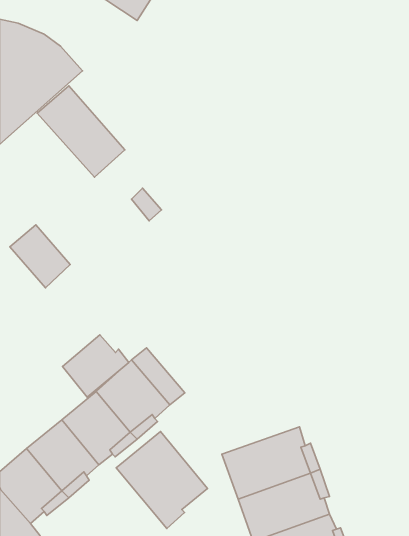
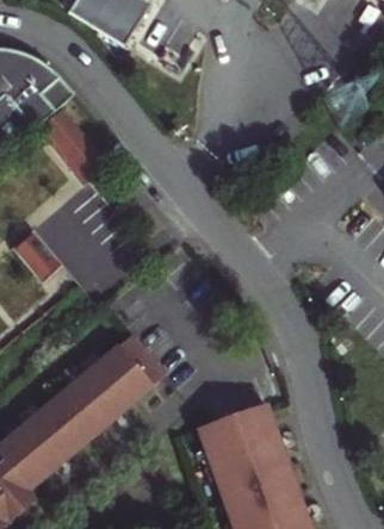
building: [63,335,129,397] -> none
building: [116,432,207,529] -> none

